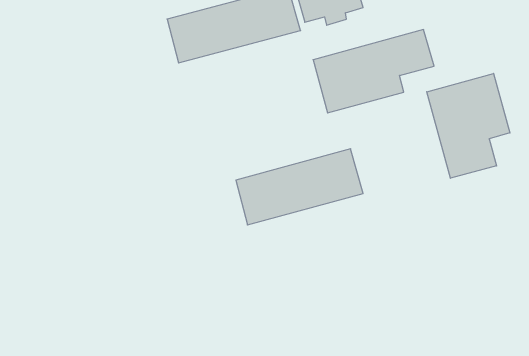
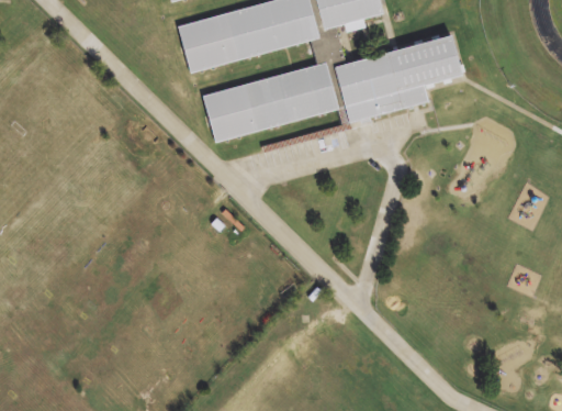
building: [427,73,510,178] -> none
building: [236,149,363,225] -> [203,62,337,142]

